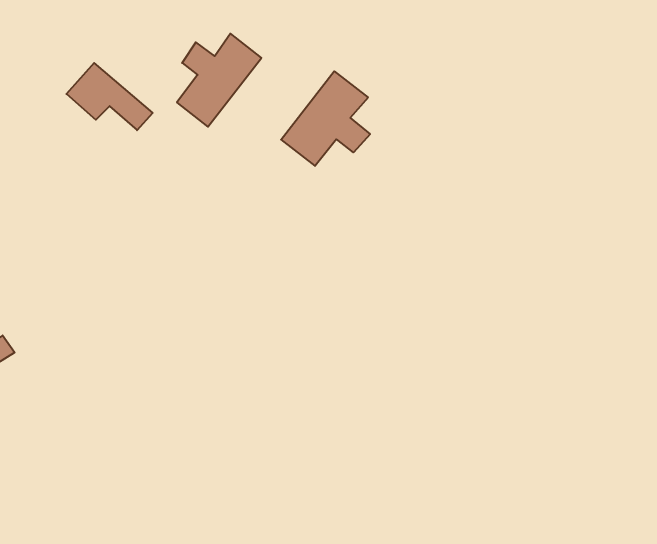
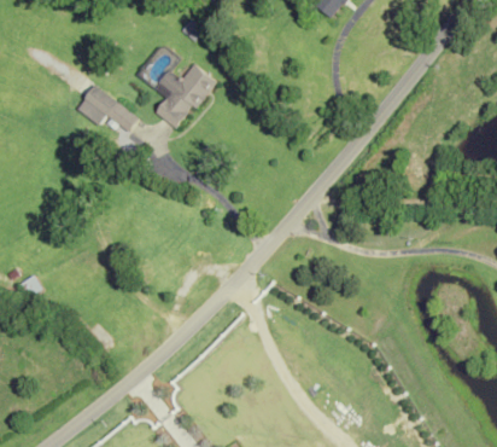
building: [281,71,370,166] -> none

